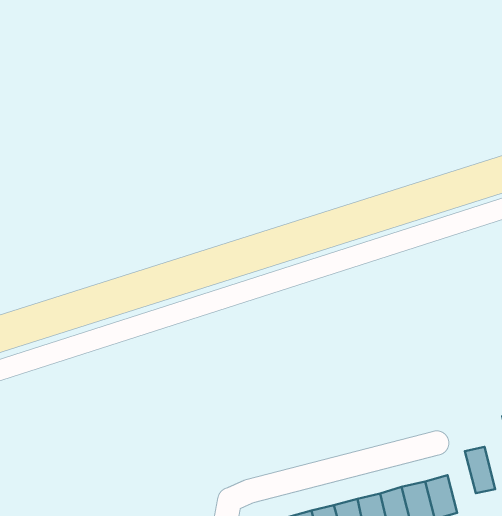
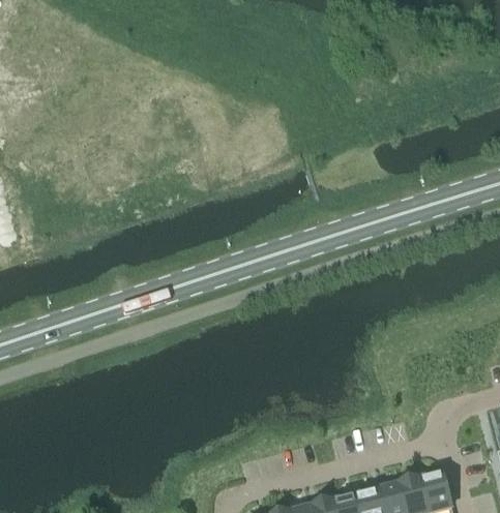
building: [465,447,495,493] -> none

